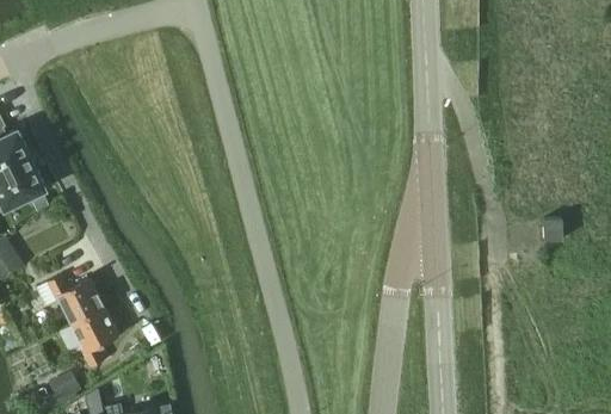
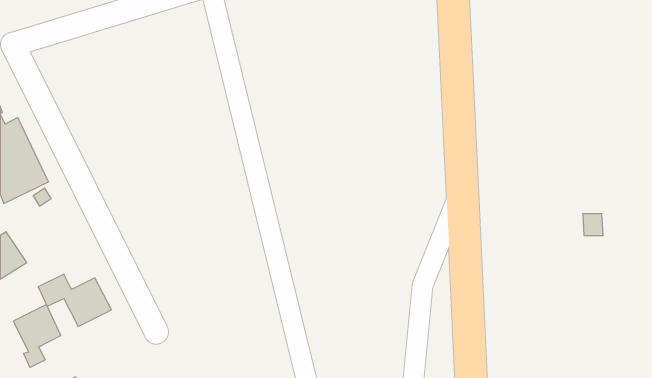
building: [73,310,117,369] -> [13,305,61,367]

